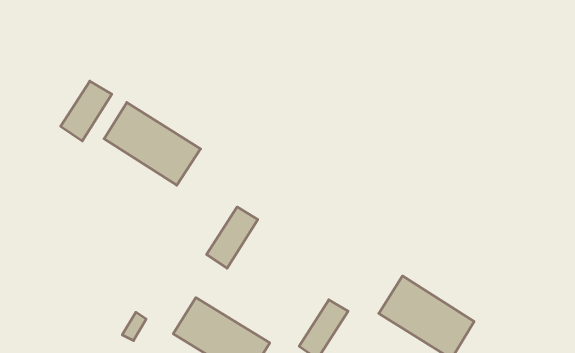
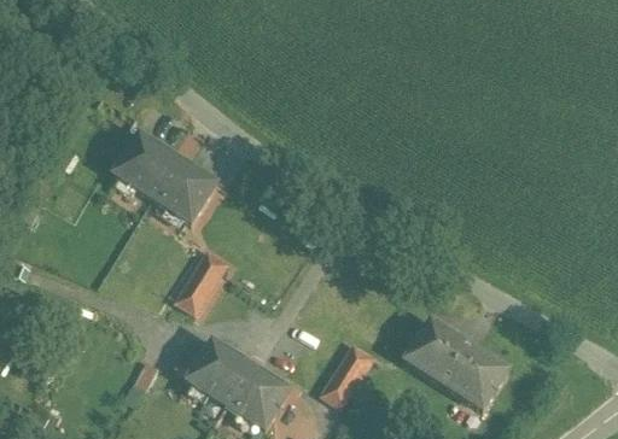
building: [61,81,112,141] -> none
building: [207,207,258,268] -> [174,248,228,314]

